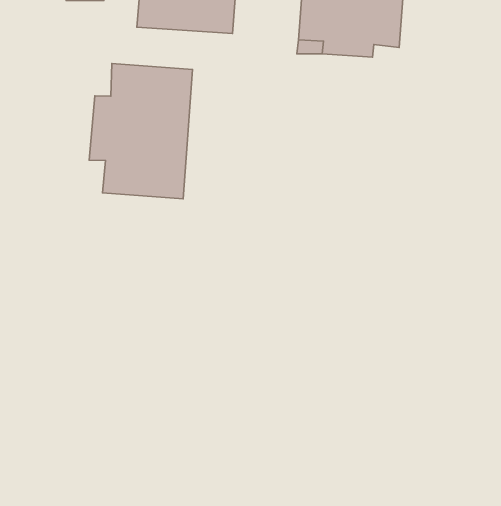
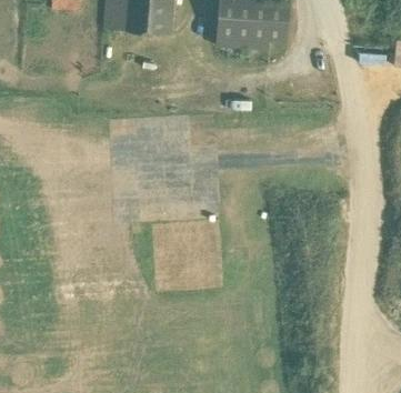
building: [89,64,192,199] -> none

